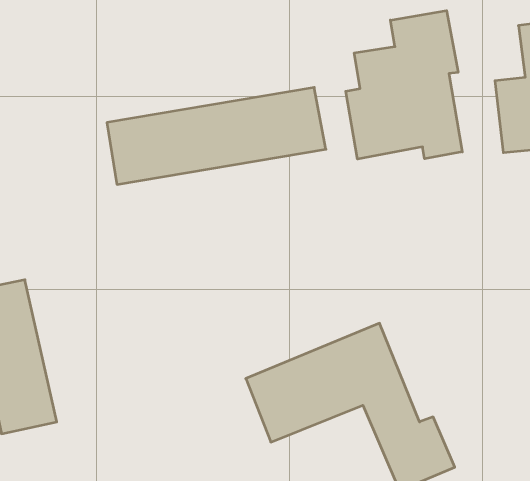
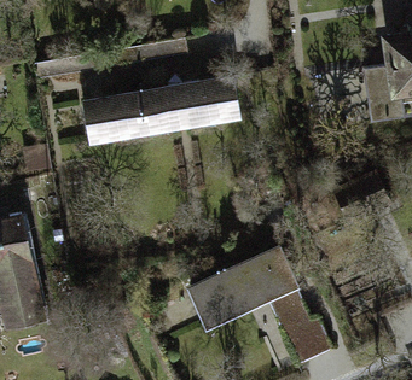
building: [346,11,462,159] -> none

